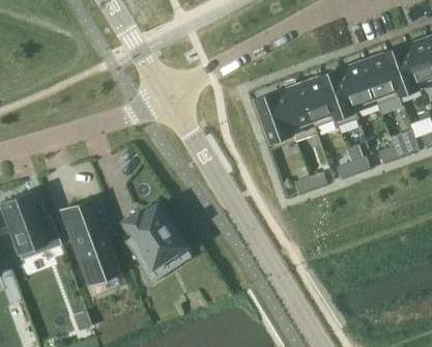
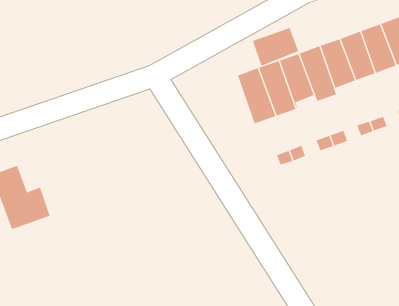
building: none -> [252,27,299,67]
building: [58,199,119,287] -> none
building: [120,203,189,271] -> none

